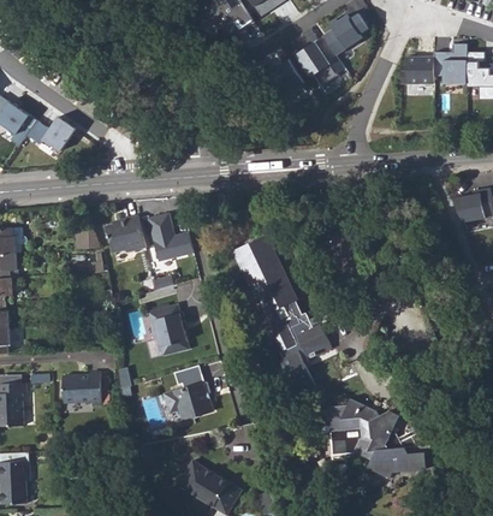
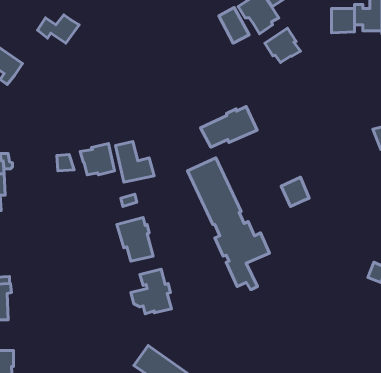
building: none -> [265,28,301,63]
building: [29,118,78,152] -> [38,15,79,43]
building: none -> [200,106,257,147]
building: none -> [281,177,309,207]
building: [61,372,100,404] -> none
building: [329,399,426,478] -> none

